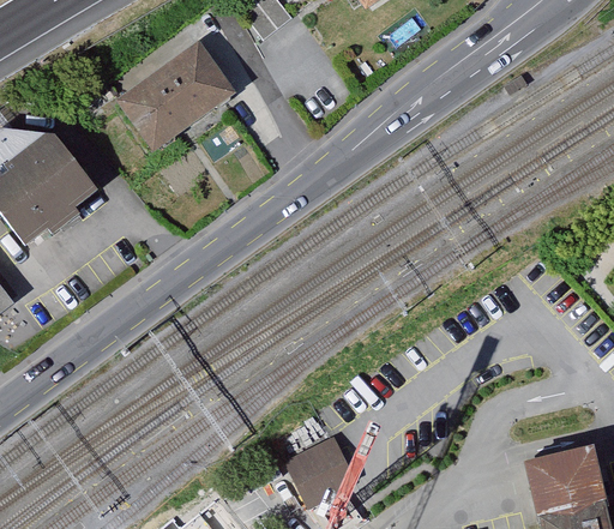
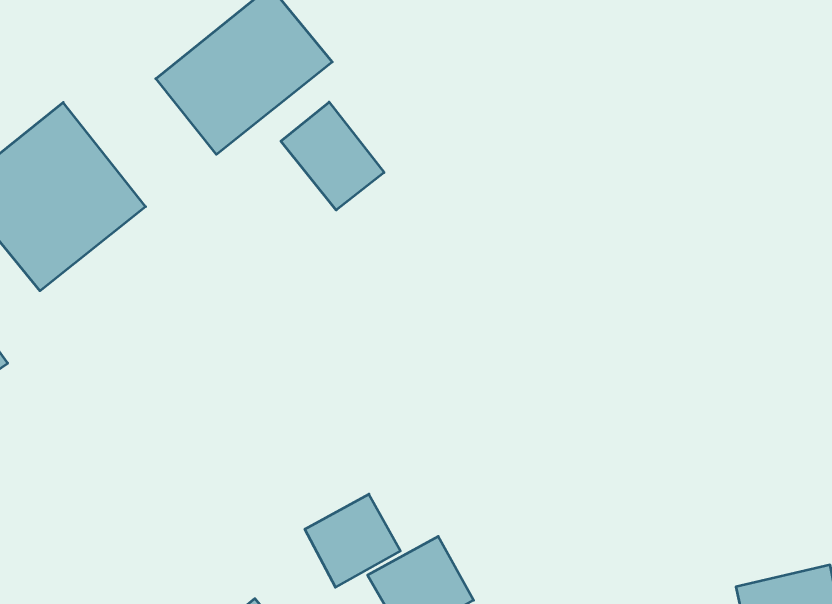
building: none -> [281,102,384,210]
building: none -> [305,494,400,587]

